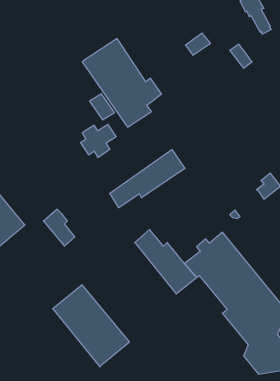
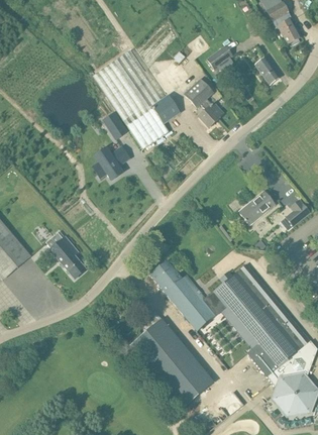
building: none -> [183,77,223,127]
building: [110,150,185,208] -> none
building: none -> [238,190,275,224]
building: [53,285,129,367] -> [129,318,213,408]

